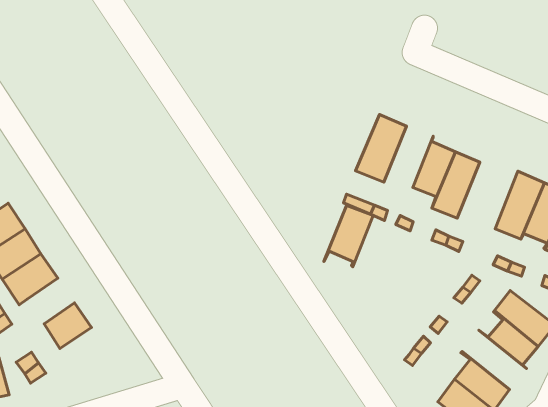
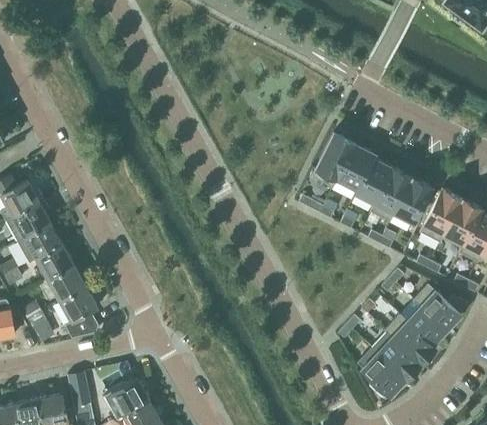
building: none -> [390,178,432,223]
building: [324,205,373,267] -> [333,144,376,194]
building: none -> [37,244,75,280]
building: none -> [60,286,99,338]
building: none -> [385,314,436,364]

